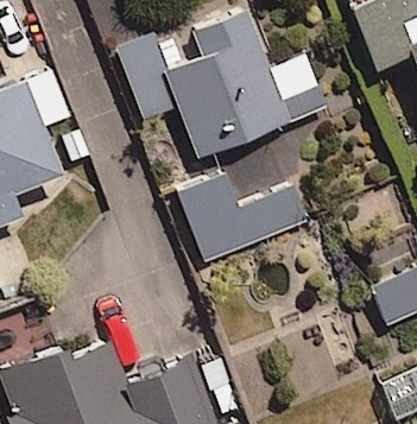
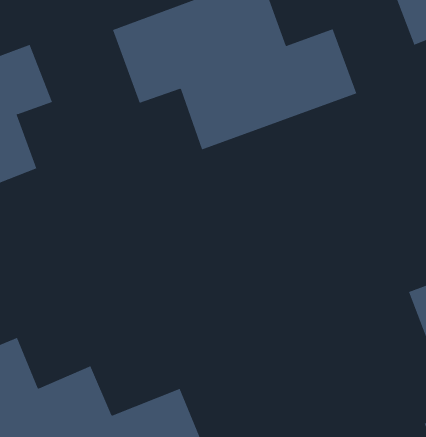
building: [182,152,311,264] -> none

